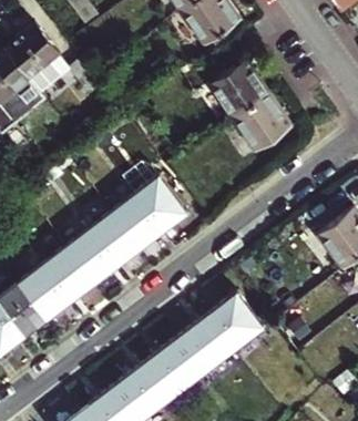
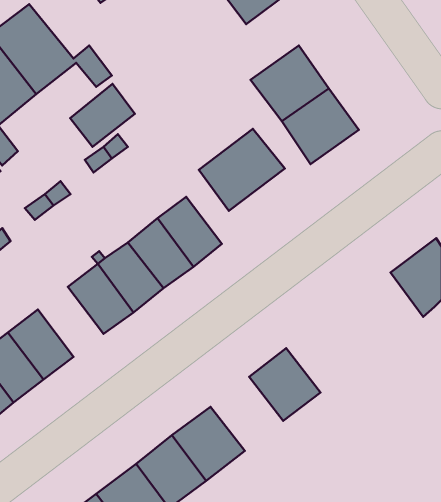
building: none -> [70,84,135,147]
building: none -> [199,129,285,211]
building: [43,246,94,300] -> none
building: [177,316,234,373] -> none

